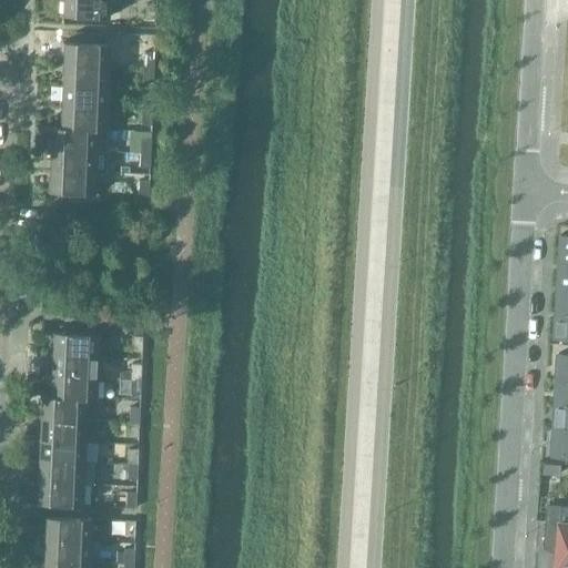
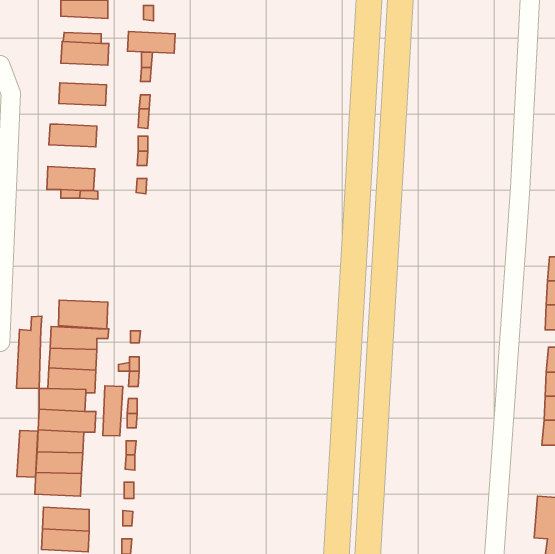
building: [62,67,111,89] -> [127,31,175,53]
building: [60,108,109,132] -> none
building: [50,150,99,174] -> none
building: none -> [58,300,108,329]
building: none -> [17,316,42,389]
building: none -> [103,386,123,436]
building: none -> [17,431,38,477]

